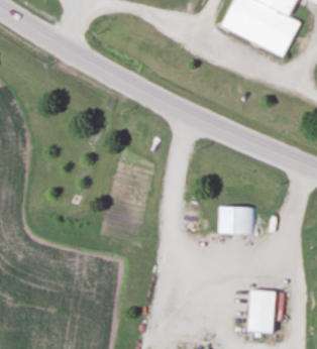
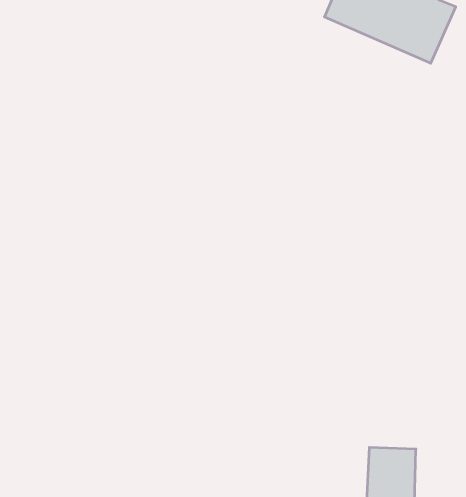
building: [220,207,255,233] -> none

